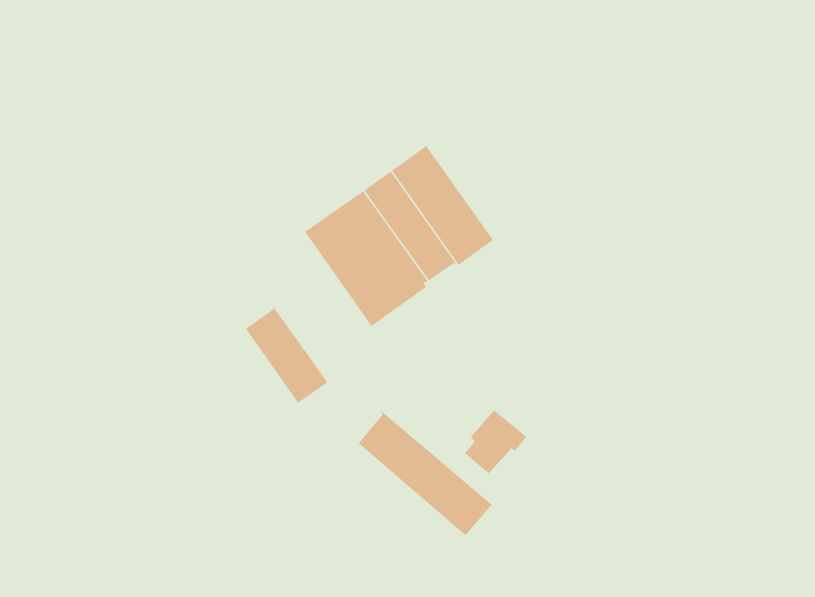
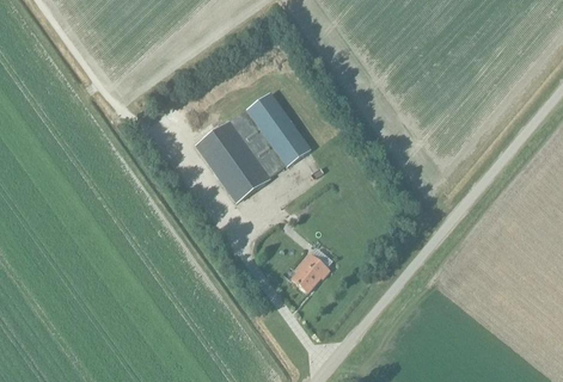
building: [245,305,328,404] -> none
building: [358,409,492,536] -> none

